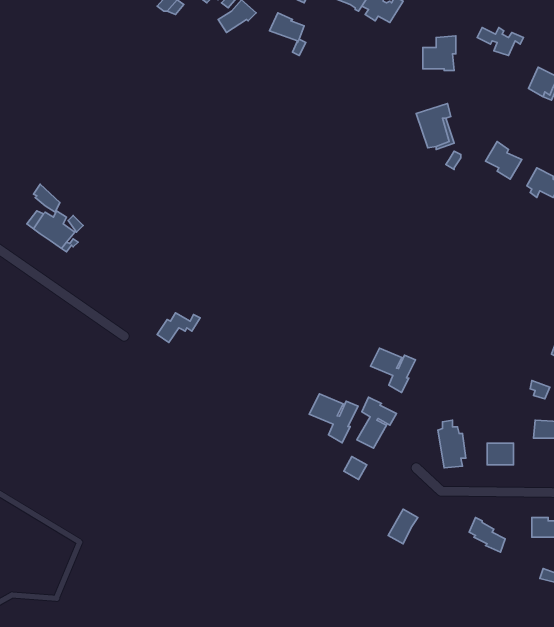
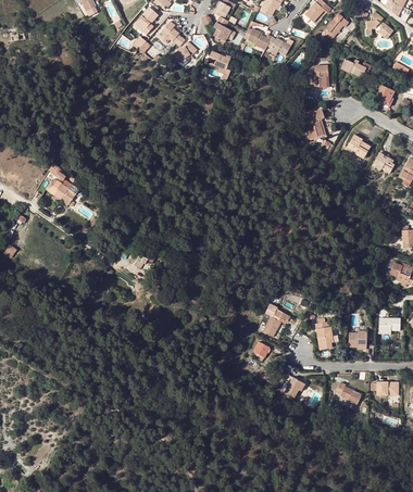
building: [370,348,416,393] -> none
building: [309,394,358,443] -> none

